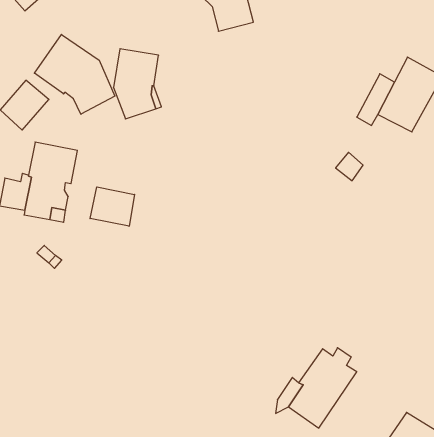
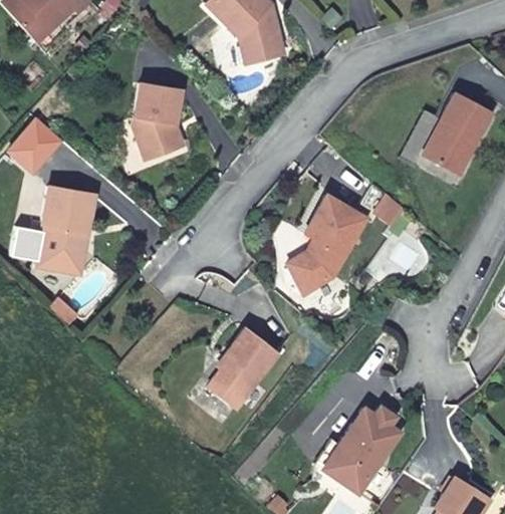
building: [34,34,115,114] -> none
building: none -> [286,197,367,295]
building: [90,187,135,226] -> none
building: none -> [207,328,278,410]

